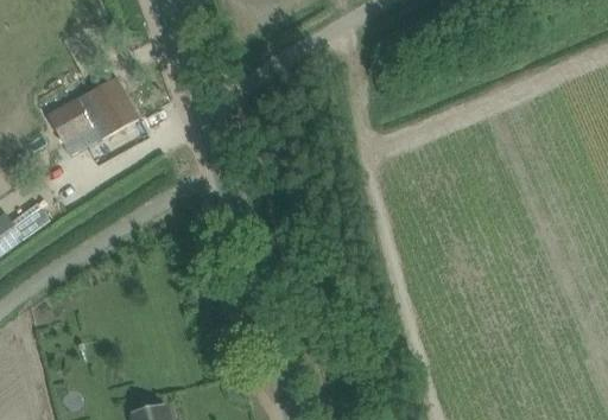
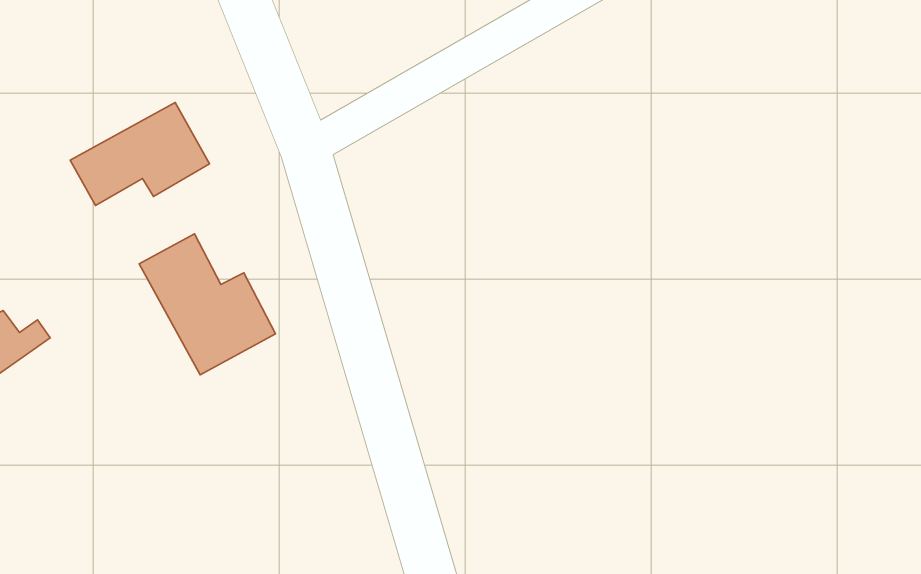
building: none -> [139,234,275,375]

